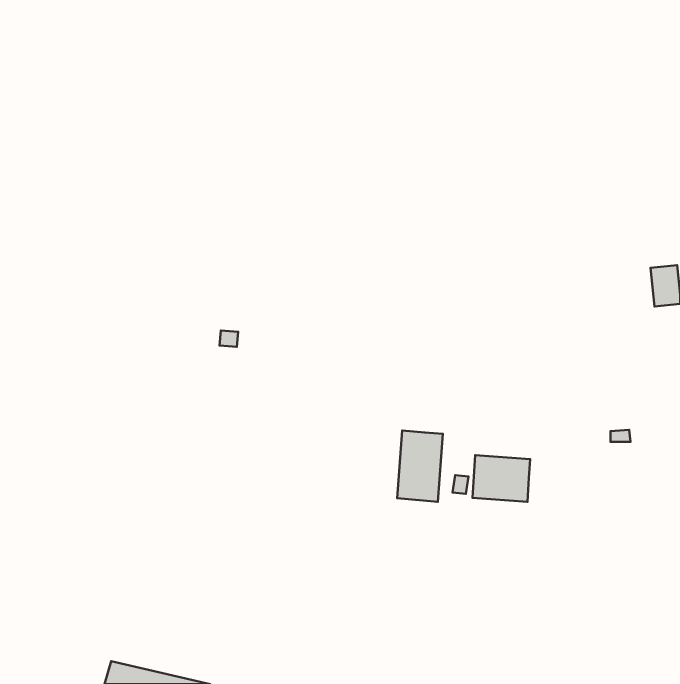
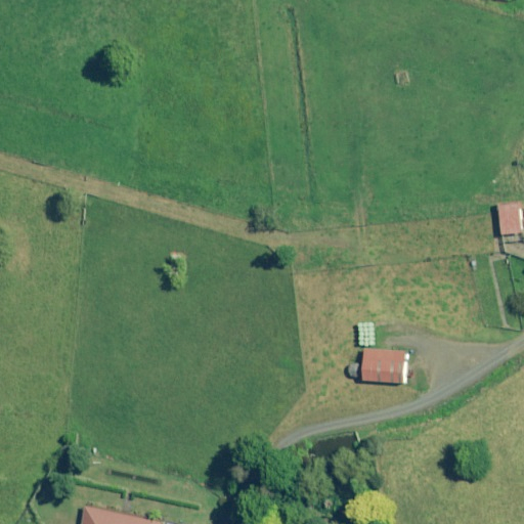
building: [397,430,443,502] -> none

